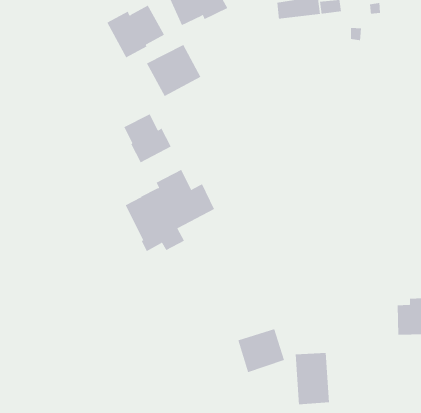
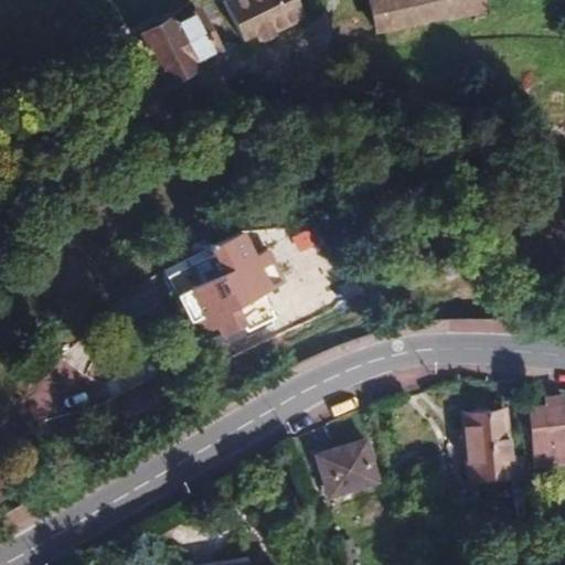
building: [146,44,201,97] -> none
building: [123,113,172,163] -> none
building: [295,352,330,405] -> [465,409,511,479]

